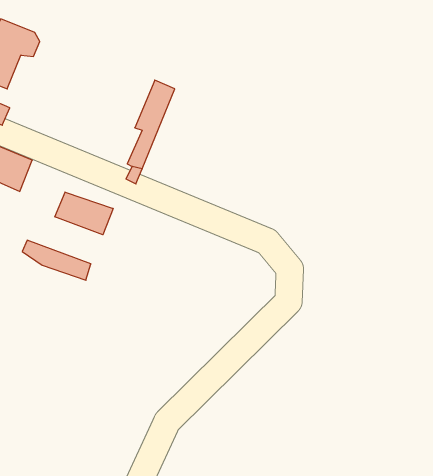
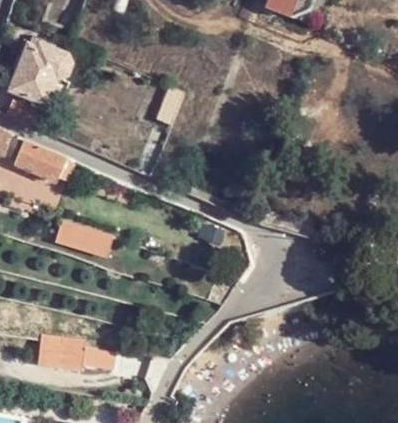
building: [55,192,113,235] -> none
building: none -> [57,345,118,370]

